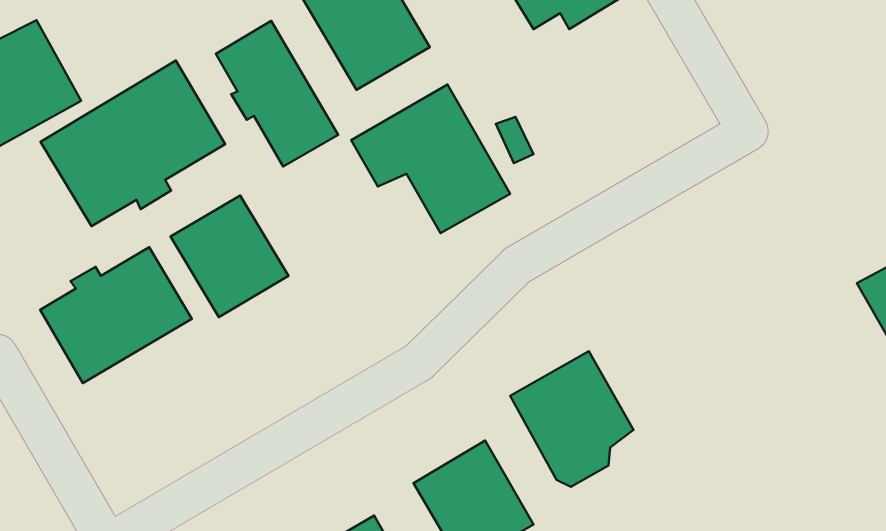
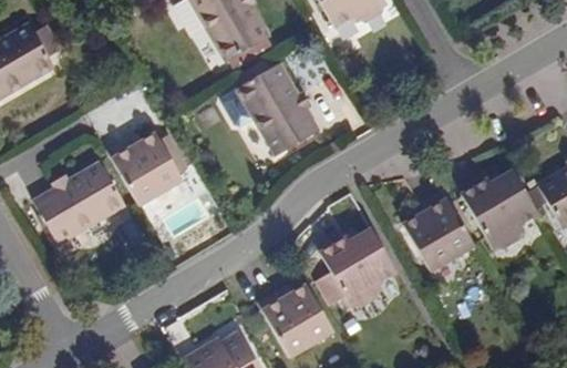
building: [216,21,338,166] -> none
building: [41,61,225,226] -> none
building: none -> [458,164,538,251]
building: none -> [401,197,475,274]

